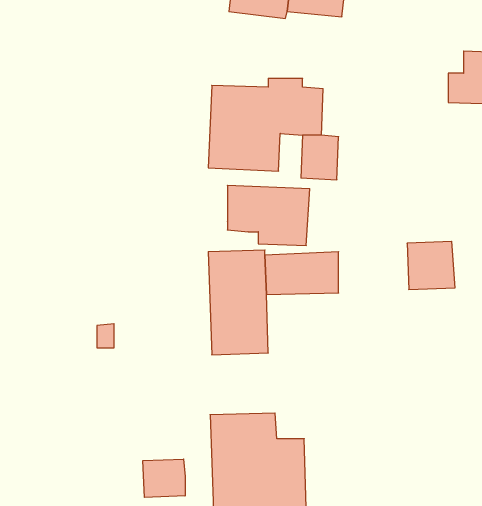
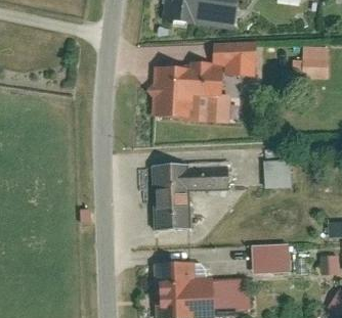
building: [227,185,310,245] -> [208,41,257,77]
building: none -> [252,245,292,273]
building: none -> [212,280,251,308]
building: [143,459,185,497] -> none

